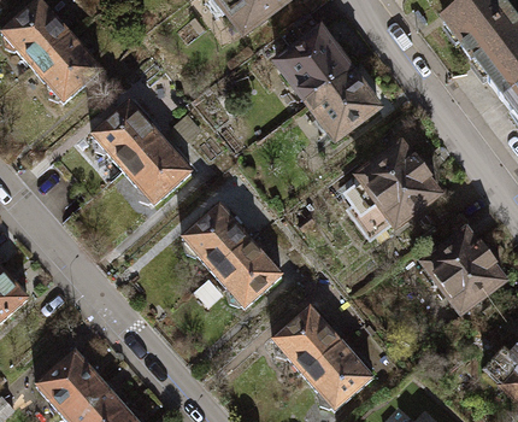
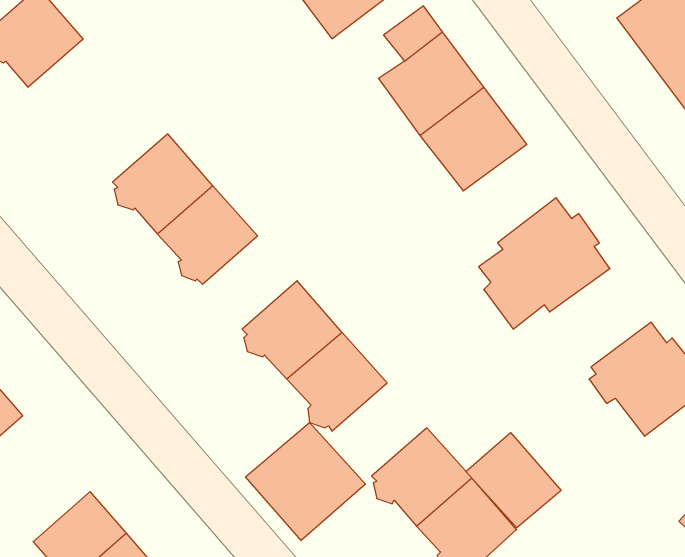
building: [31,33,101,101] -> none
building: none -> [245,422,366,541]
building: none -> [466,433,561,528]

